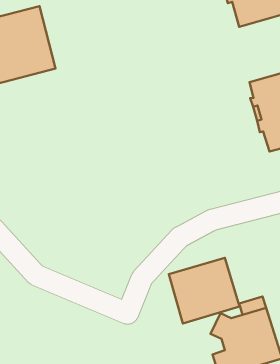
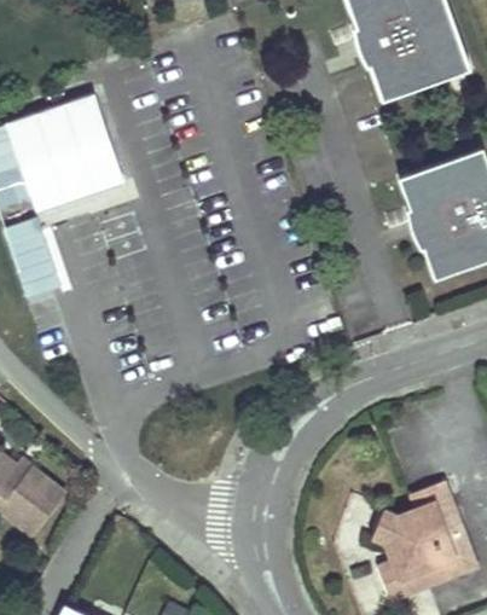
building: [169,258,239,323] -> none

